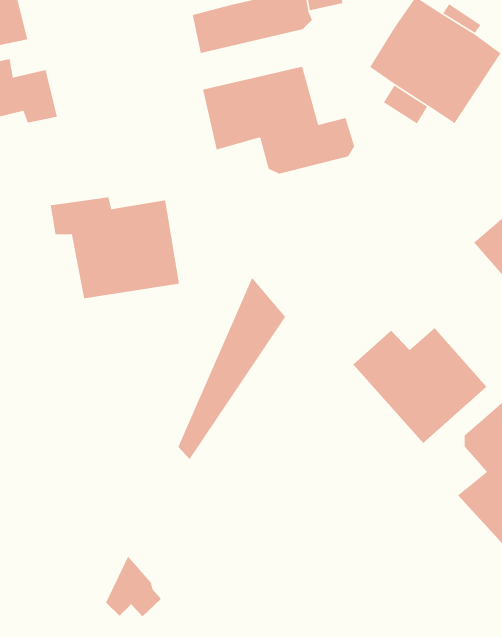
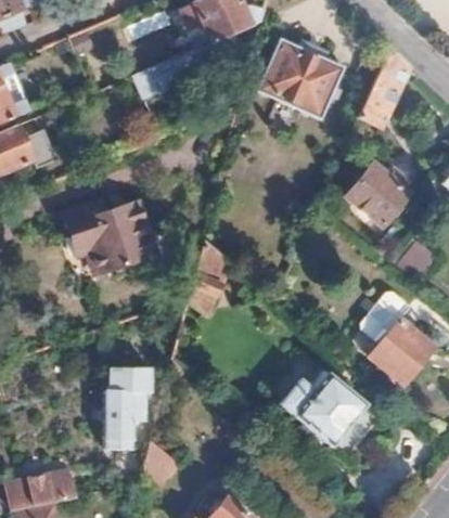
building: [202,66,355,175] -> none
building: [353,327,487,444] -> [274,368,365,446]
building: none -> [103,371,151,450]

